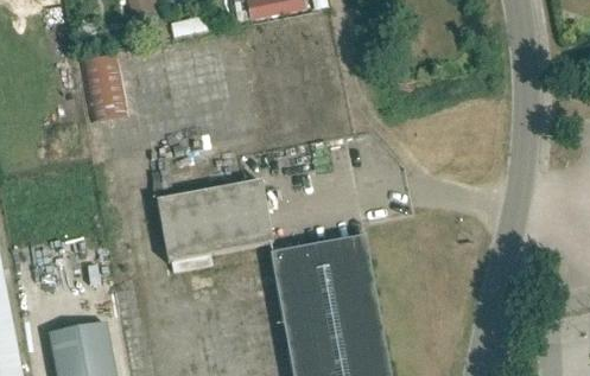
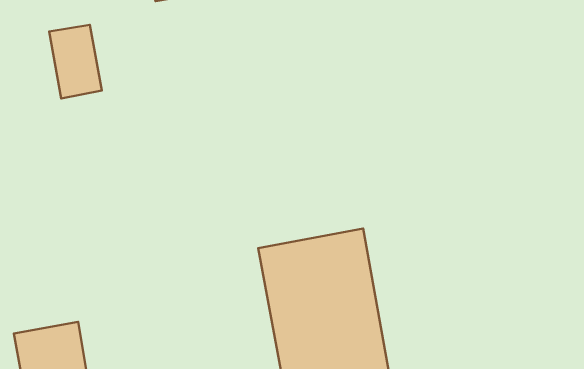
building: [157,180,273,270] -> none

